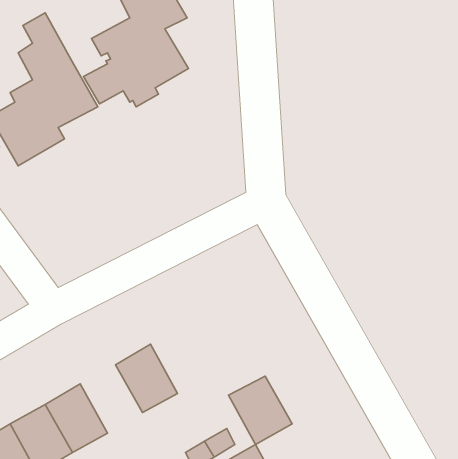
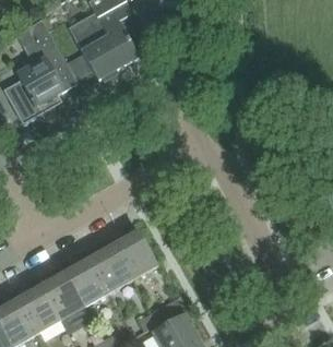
building: none -> [64,259,107,306]
building: [228,376,292,444] -> [112,231,156,278]

